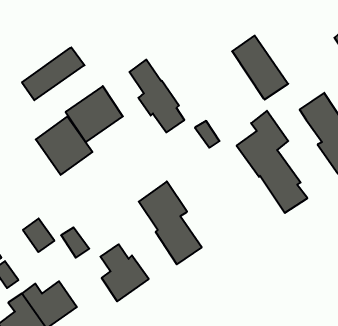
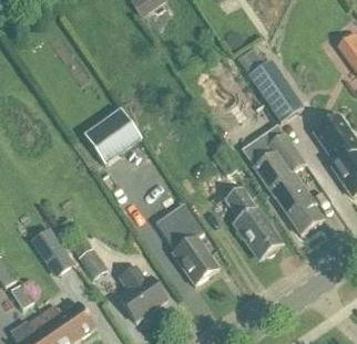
building: [22,47,85,100] -> none
building: [129,60,184,132] -> [224,185,278,257]
building: [36,117,92,175] -> none

